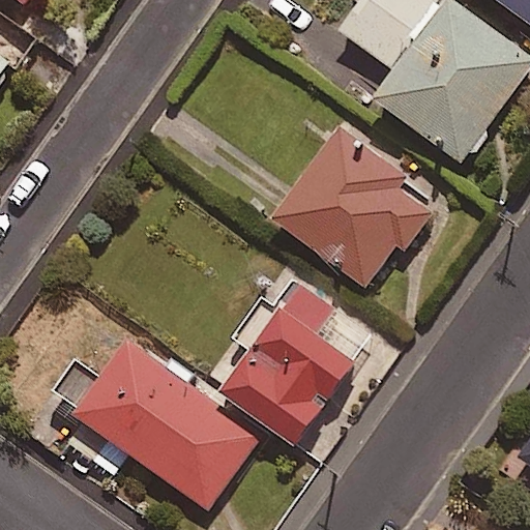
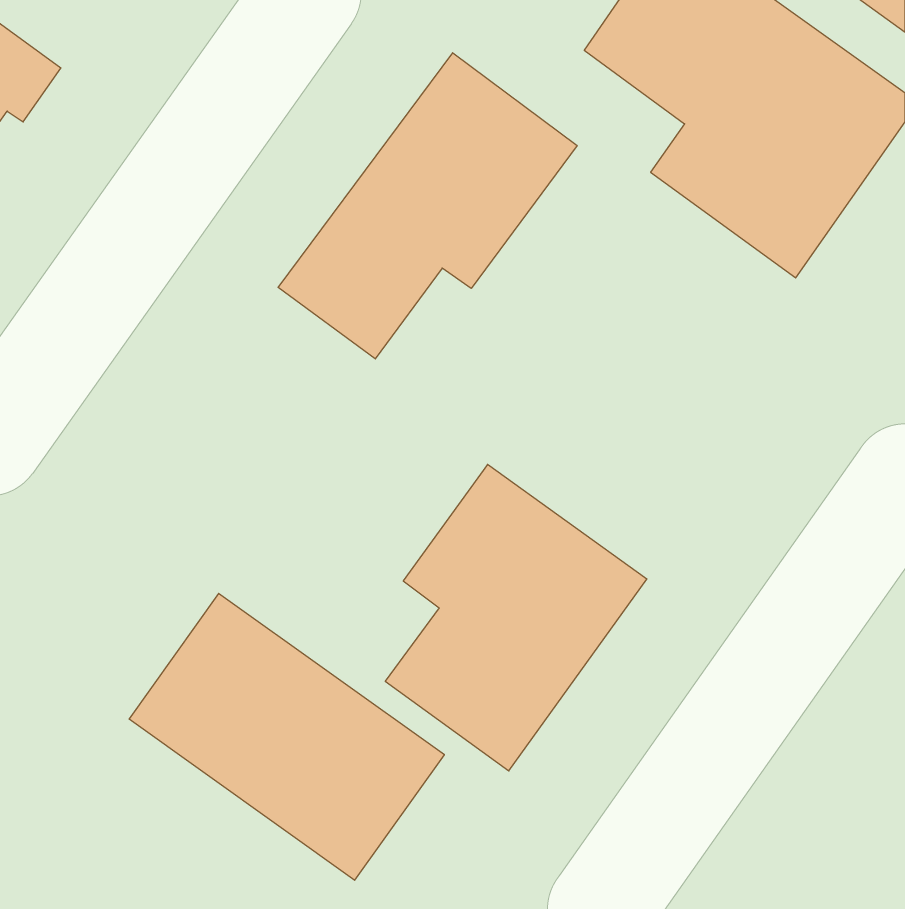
building: none -> [278,53,577,359]
building: [274,130,430,286] -> none

